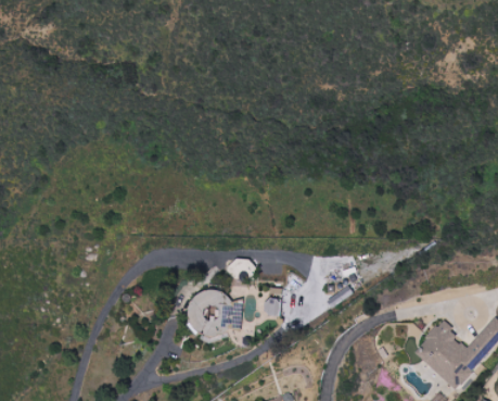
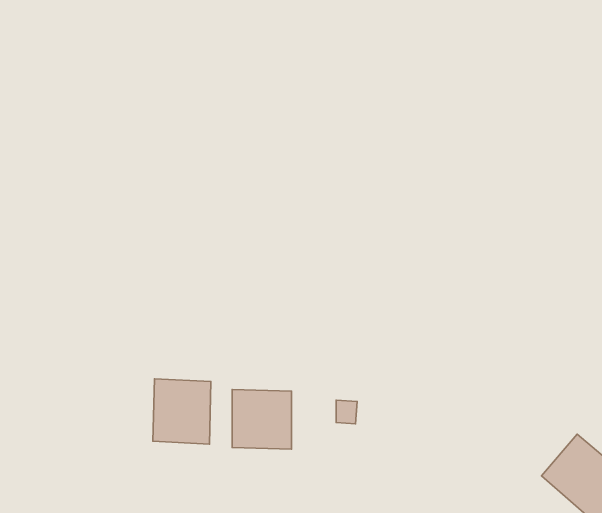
building: none -> [153,379,211,444]

